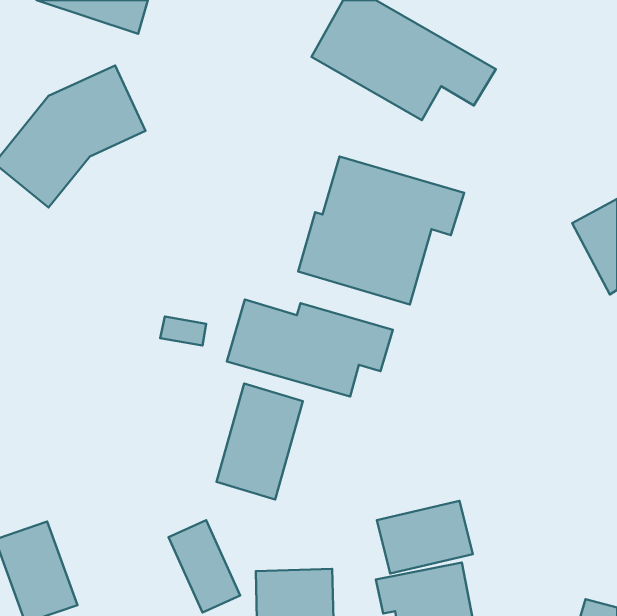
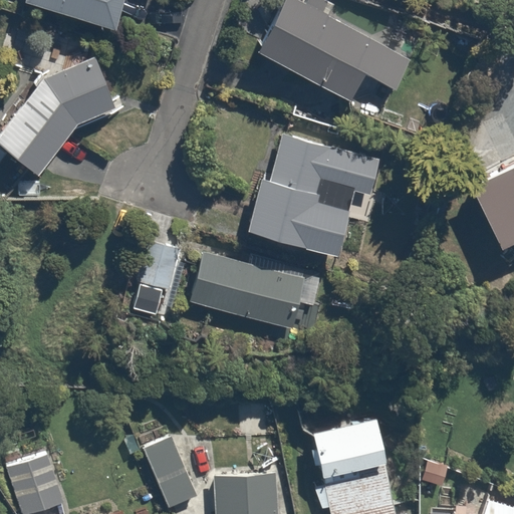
building: [216,384,303,500] -> none

